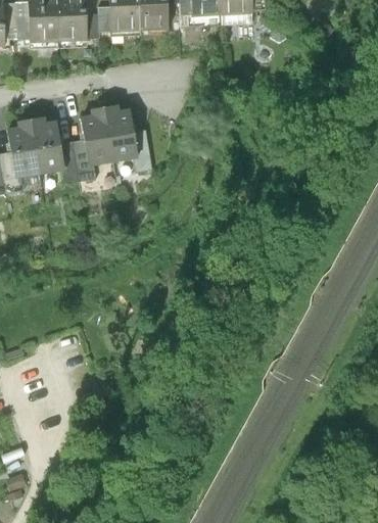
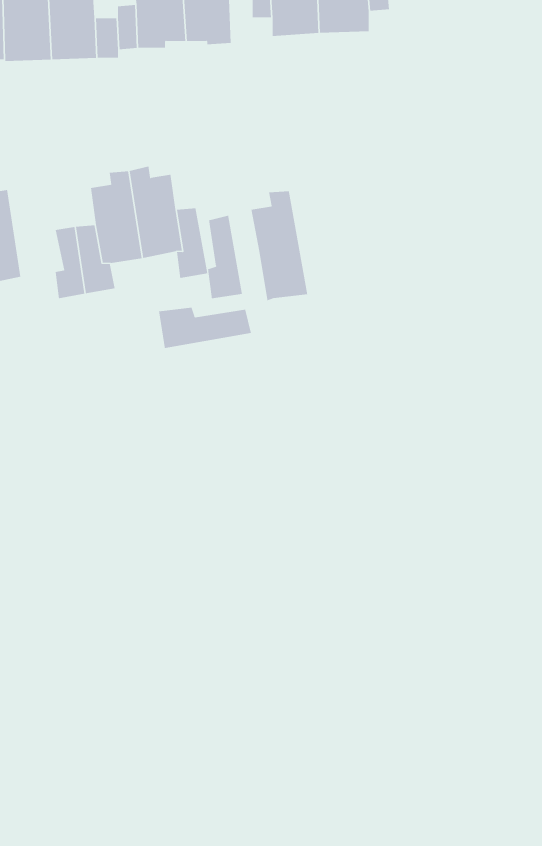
building: [32,115,65,171] -> none
building: none -> [251,191,308,301]
building: none -> [207,215,243,299]
building: none -> [159,307,252,349]

